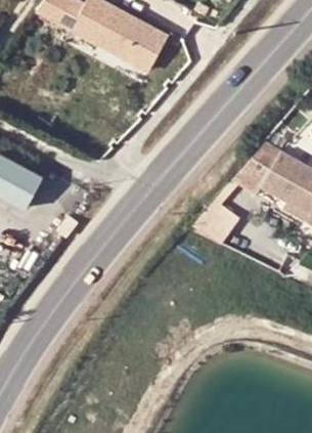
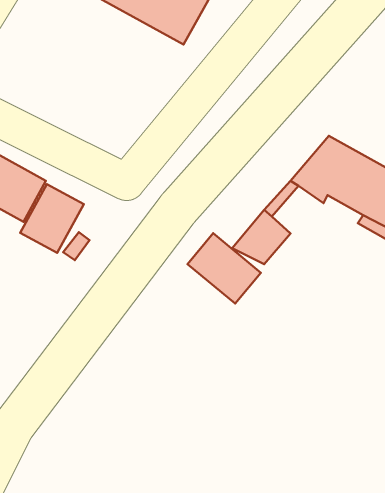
building: none -> [20,184,84,253]
building: none -> [188,233,261,304]

